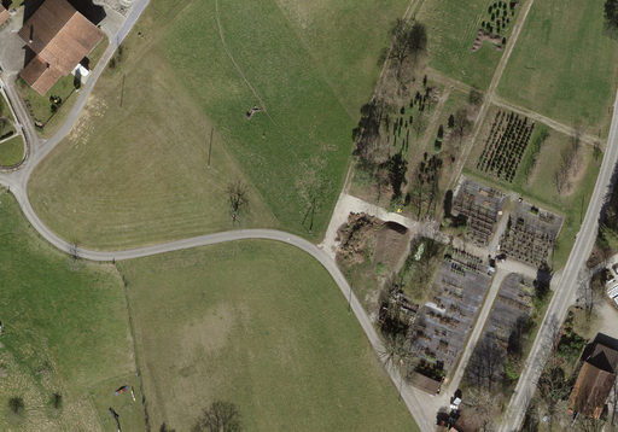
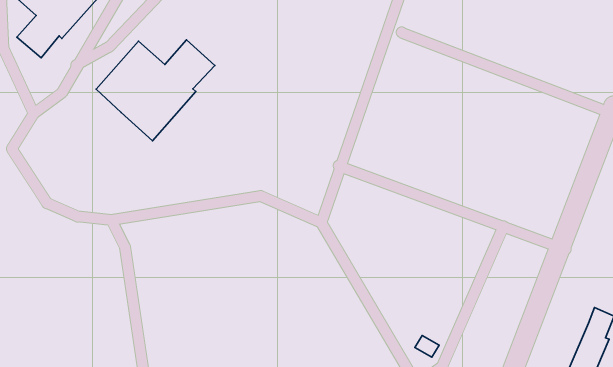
building: none -> [96,40,215,141]

